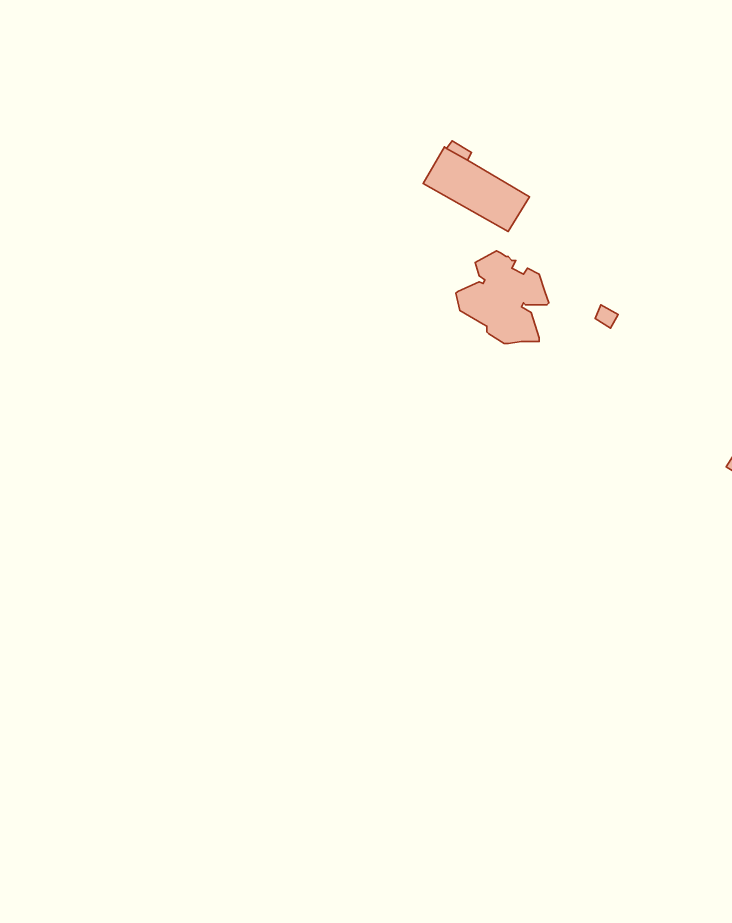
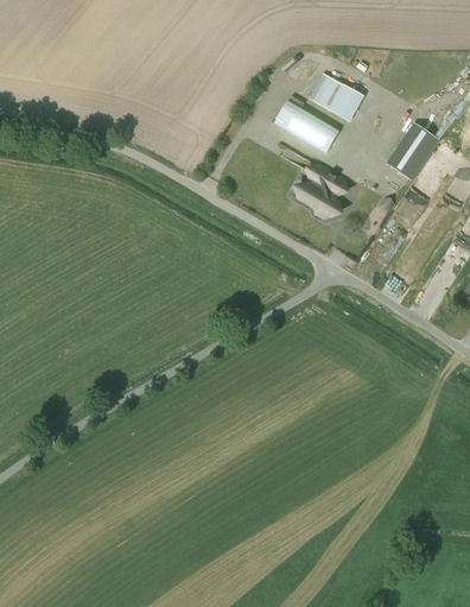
building: none -> [318,77,364,121]
building: none -> [392,127,438,178]

